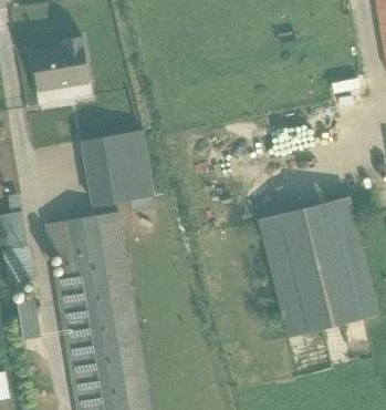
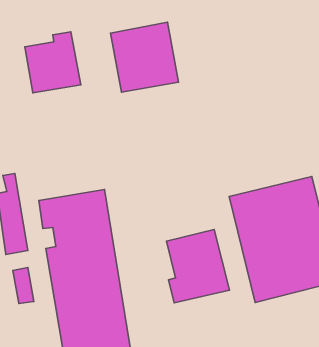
building: [79,129,154,206] -> [111,22,178,92]
building: none -> [167,229,229,303]

